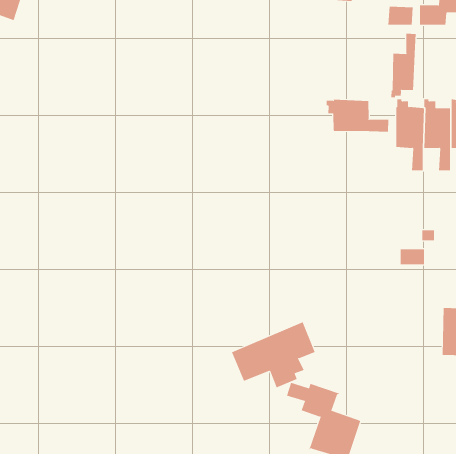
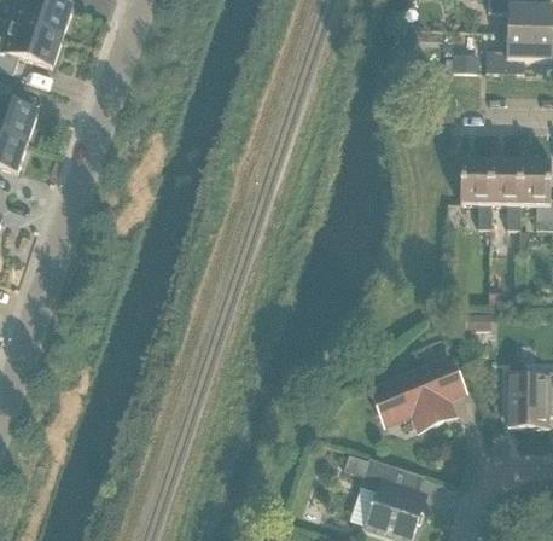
building: [391,33,416,98] -> none
building: [326,99,389,133] -> none
building: [231,322,316,388] -> [372,357,462,429]

